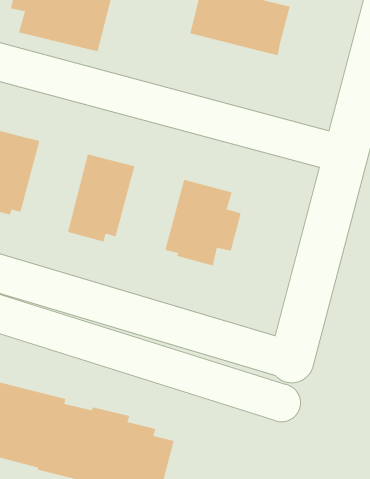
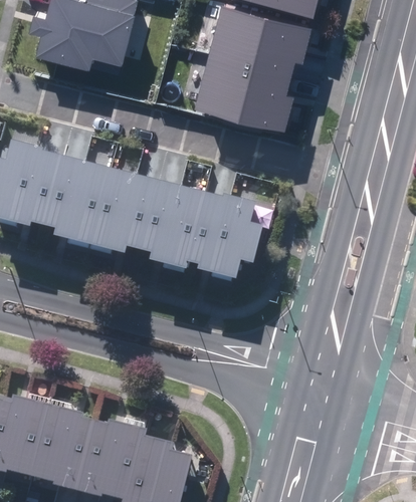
building: none -> [198,47,299,118]
building: none -> [41,155,108,246]
building: none -> [137,180,204,270]

